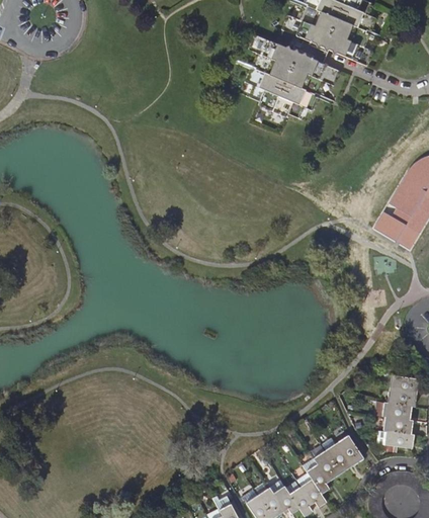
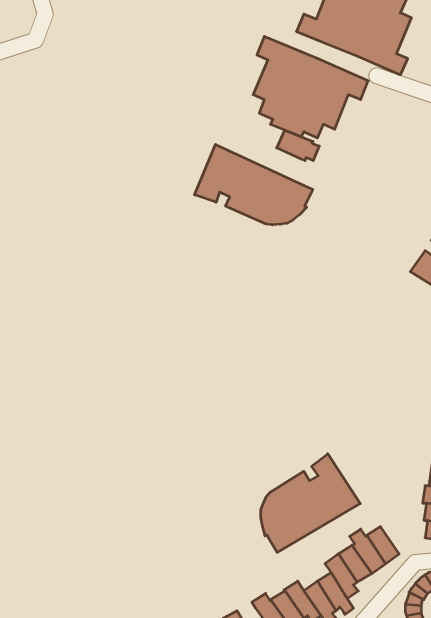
building: none -> [277,130,319,161]
building: none -> [195,144,313,225]
building: none -> [261,454,360,552]

